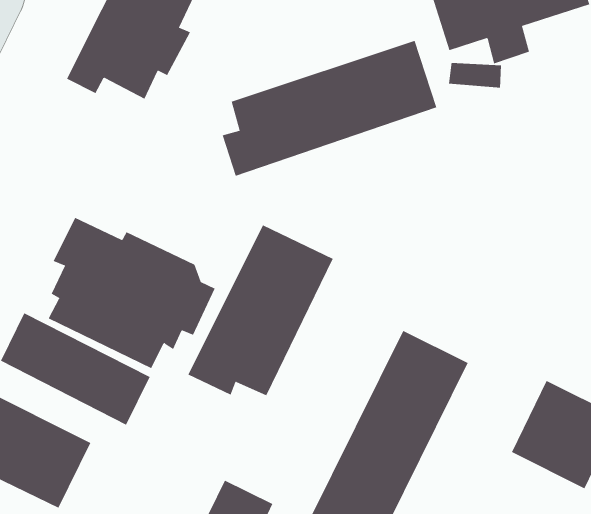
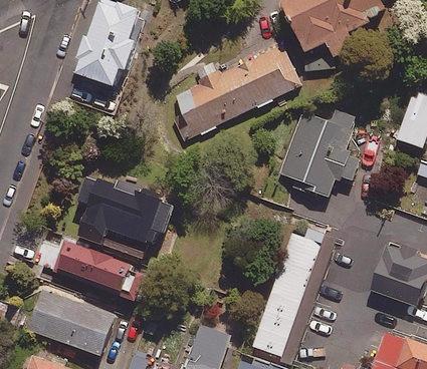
building: none -> [277,111,372,198]
building: [187,225,333,396] -> none

